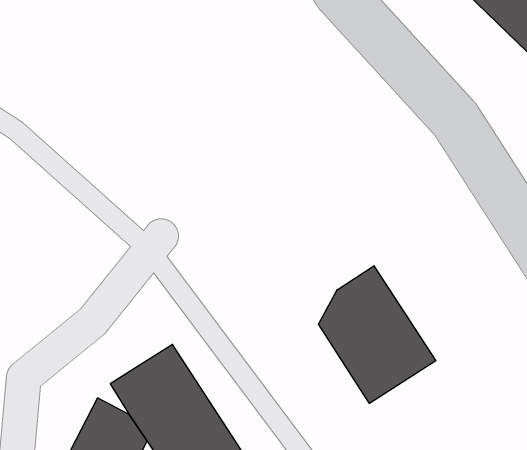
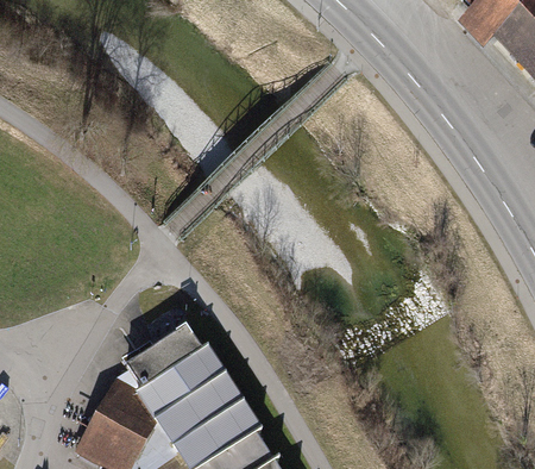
building: [319,266,436,403] -> none

